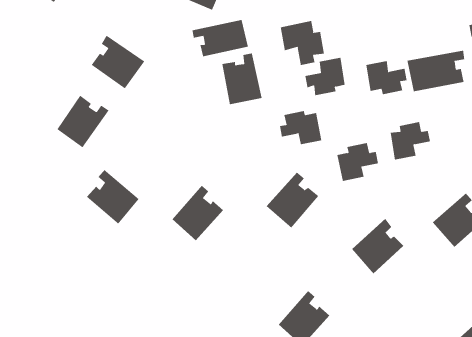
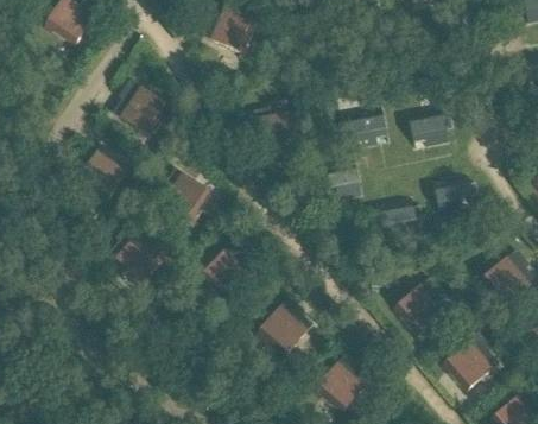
building: [192,19,248,57] -> none
building: [280,20,324,66] -> none
building: [407,50,465,92] -> none
building: none -> [152,167,213,222]
building: [266,172,319,228] -> [257,296,314,356]
building: none -> [442,330,499,390]

